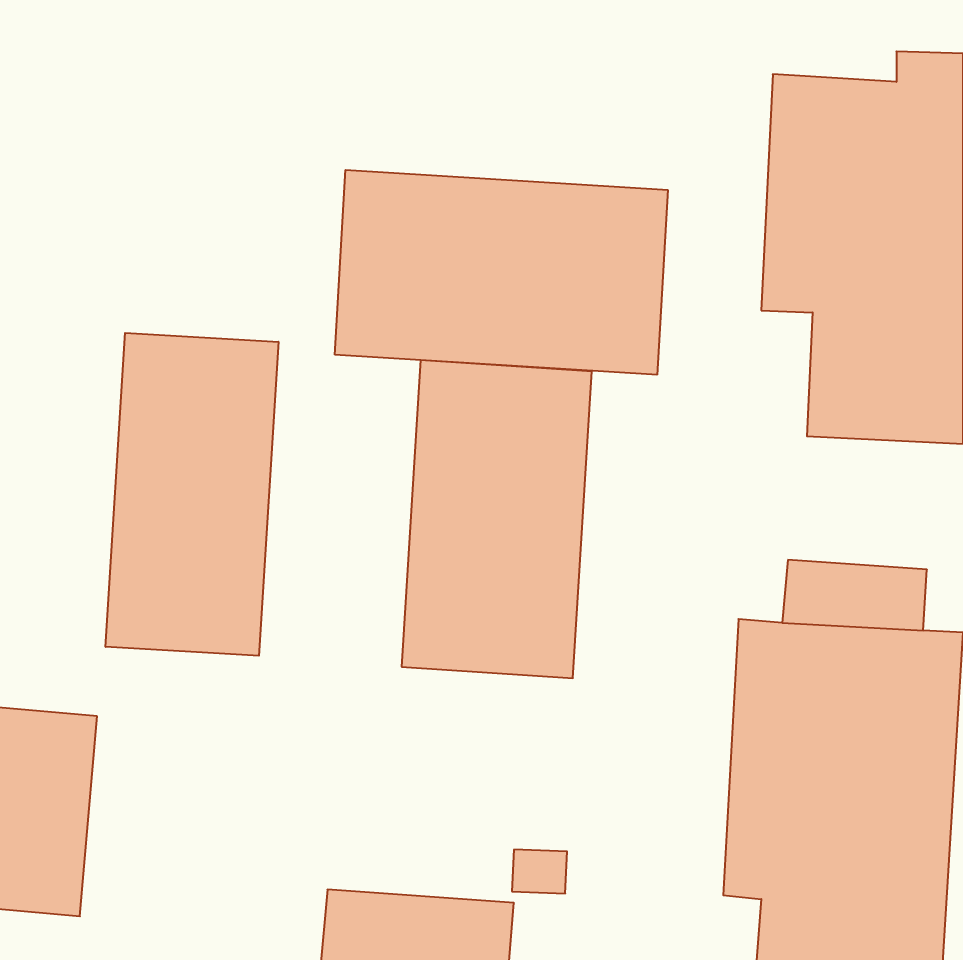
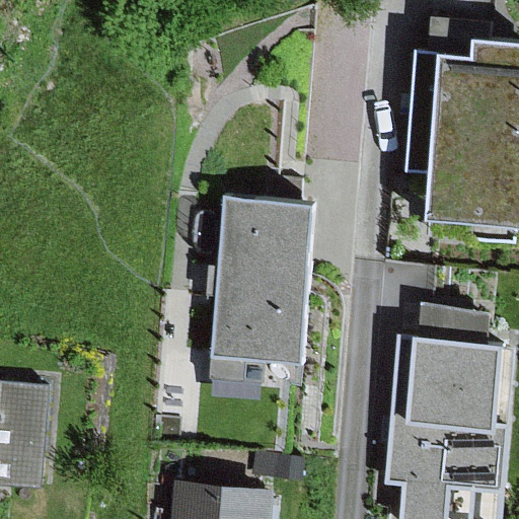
building: [335,170,668,375] -> none
building: [106,333,278,656] -> none

